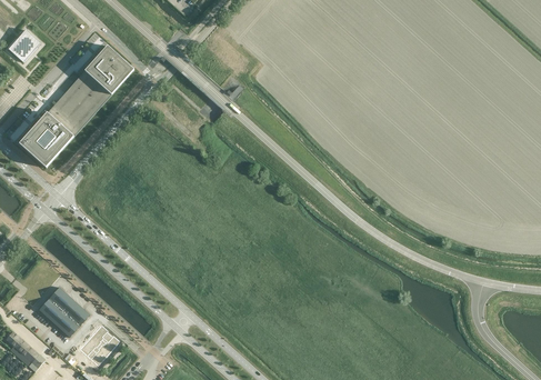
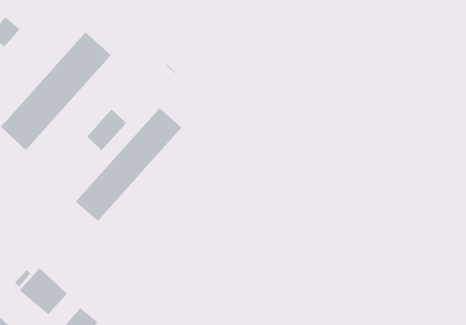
building: none -> [75,107,182,222]
building: none -> [86,109,127,151]

